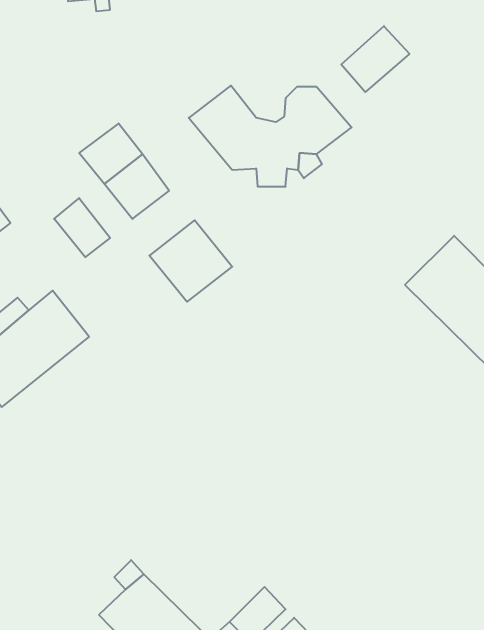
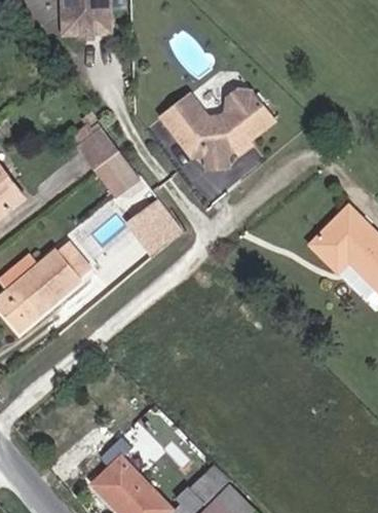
building: [341,26,409,92] -> none
building: [54,198,110,257] -> none

